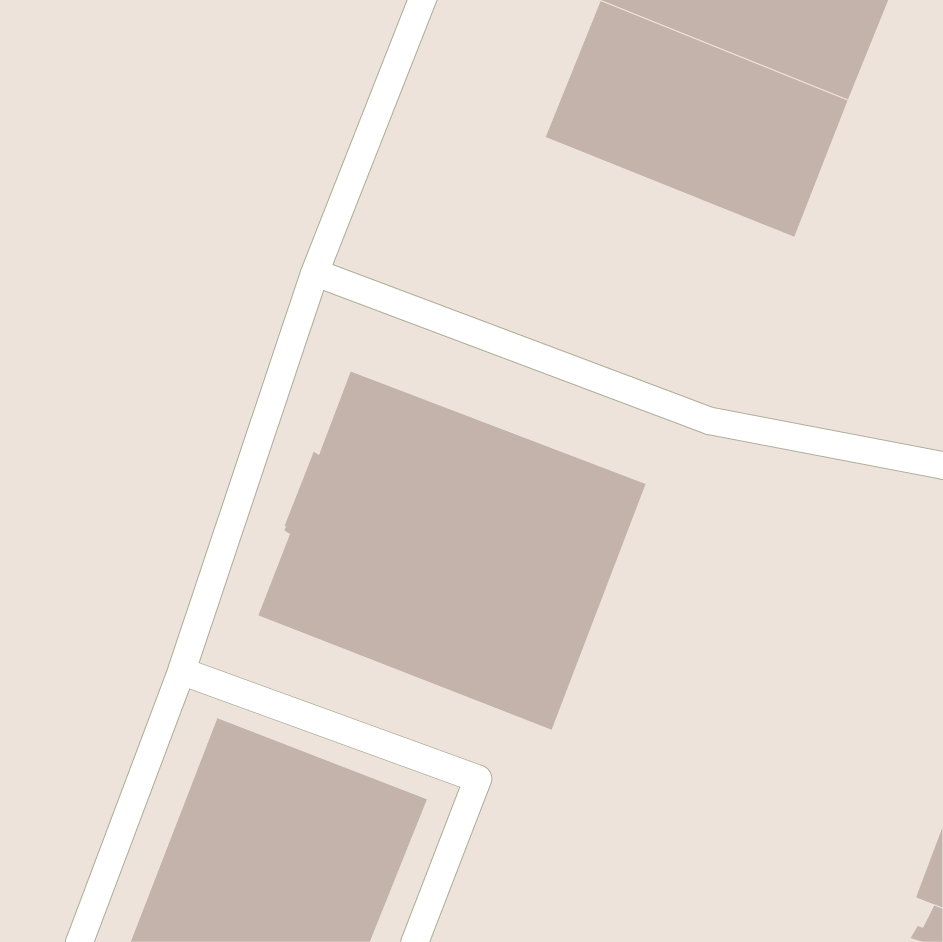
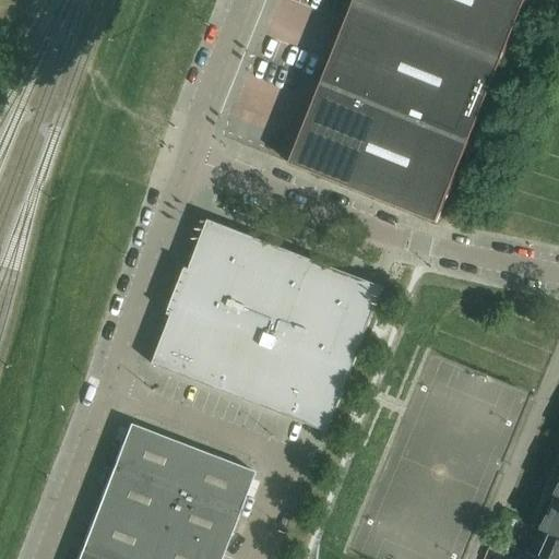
building: none -> [288,81,468,222]

